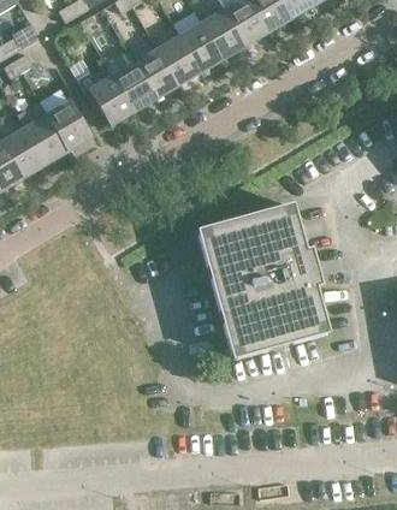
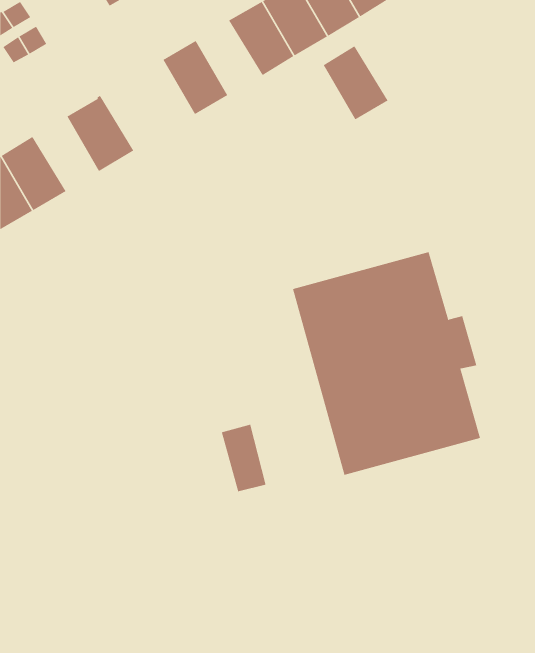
building: [135,48,179,99] -> [323,45,389,120]
building: [77,66,134,125] -> none
building: [17,101,69,164] -> none
building: none -> [221,424,266,492]

